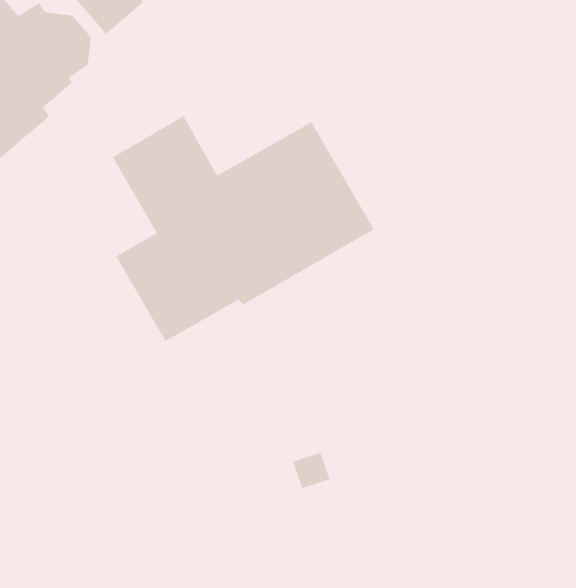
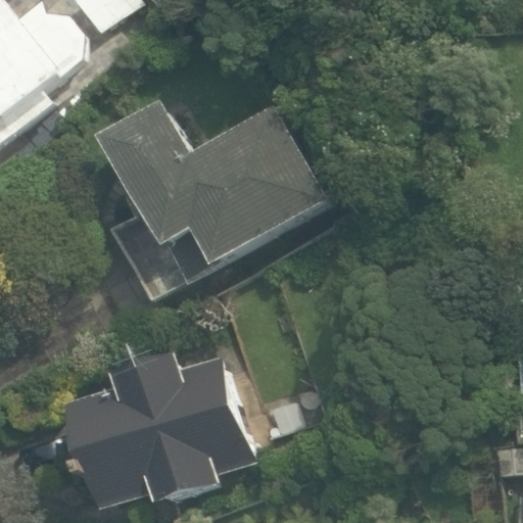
building: none -> [66,351,252,508]

